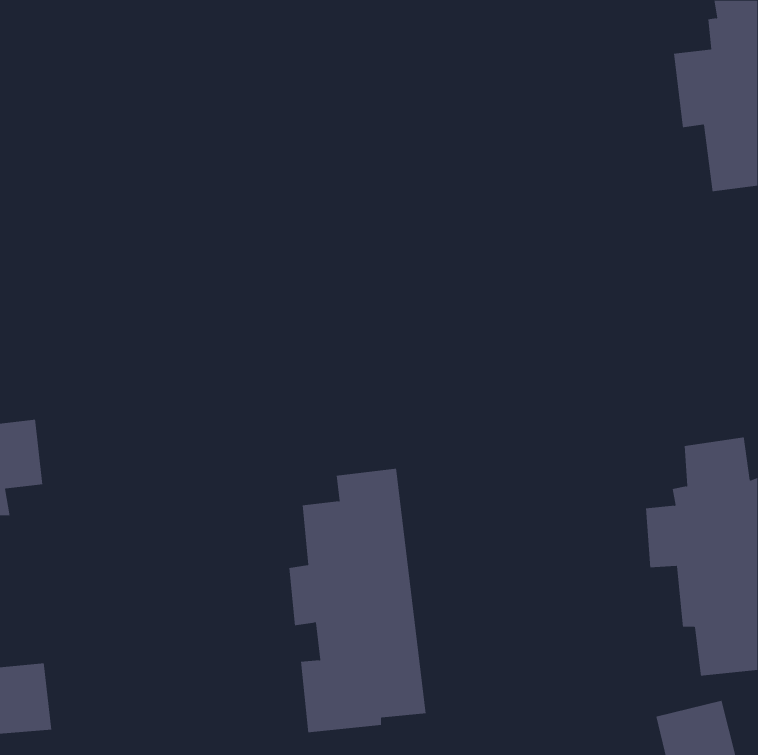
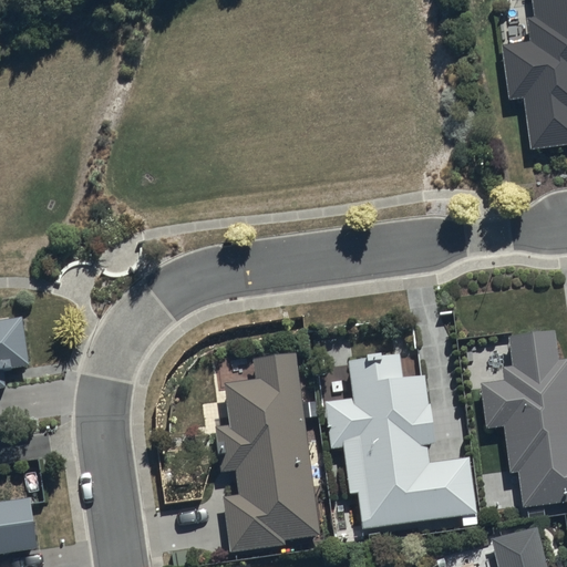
building: none -> [323,353,478,528]

